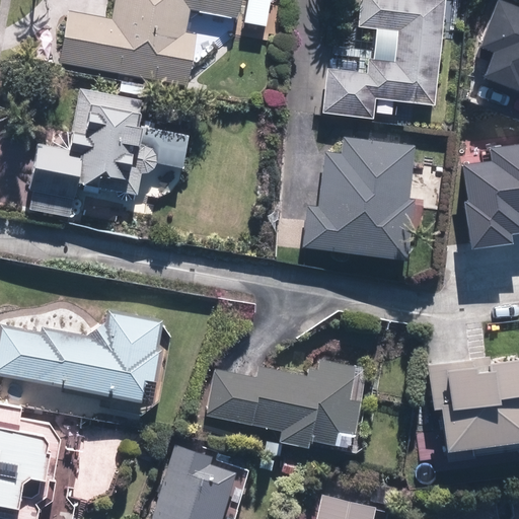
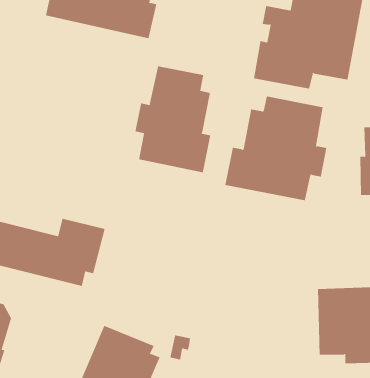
building: [28,89,189,217] -> none
building: none -> [135,66,211,173]
building: [205,358,366,450] -> none

